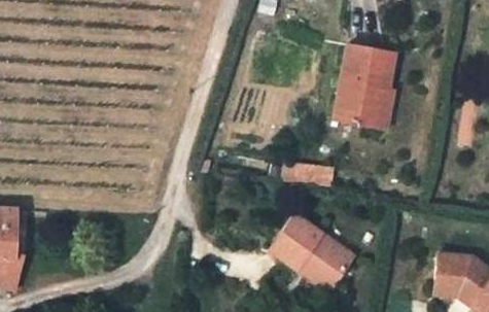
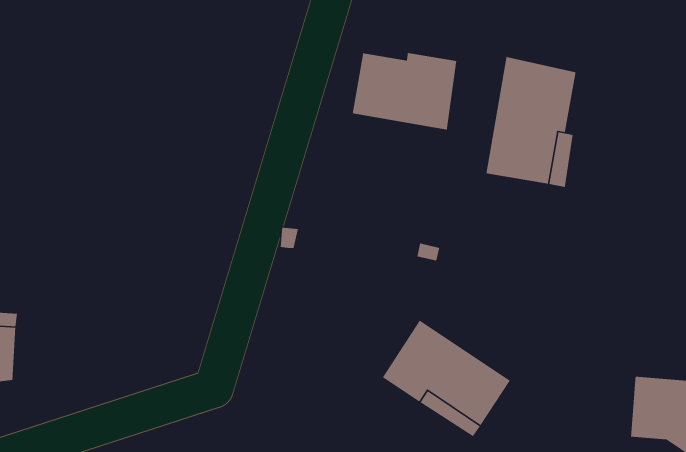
building: none -> [352,52,457,131]

